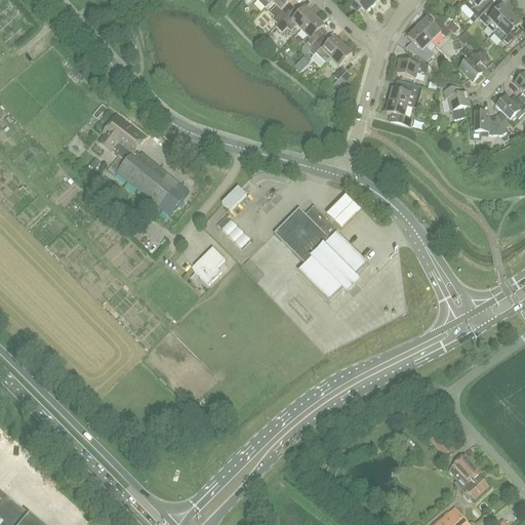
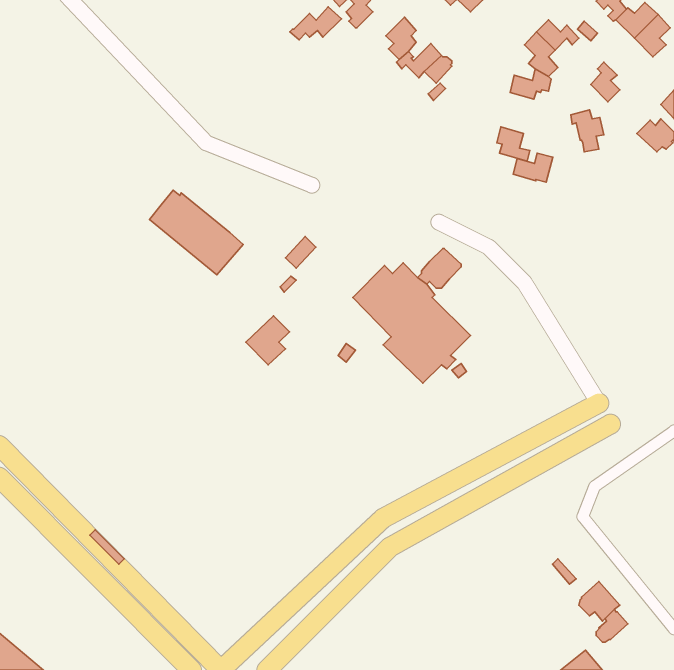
building: [274,4,314,30] -> [290,7,341,40]
building: [389,82,419,105] -> [513,153,553,182]
building: [474,110,506,134] -> none
building: [97,112,145,159] -> none

